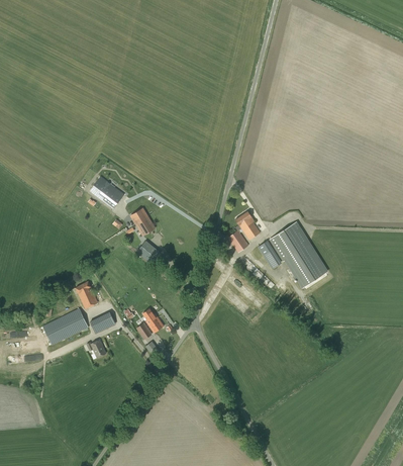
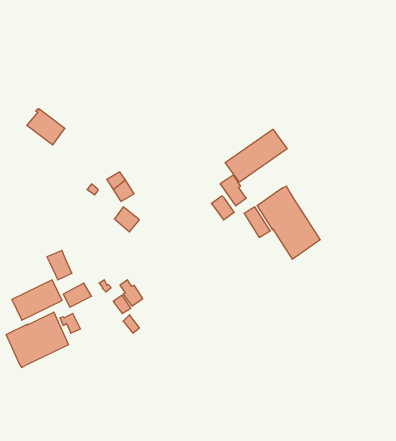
building: none -> [225,129,287,182]
building: [89,176,124,209] -> [27,109,65,145]
building: none -> [6,312,68,368]

